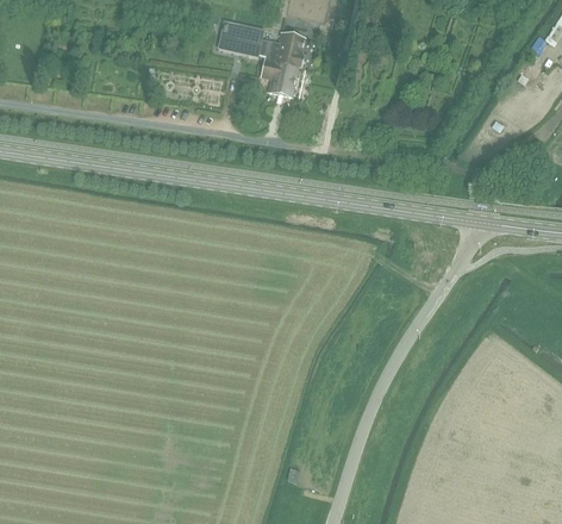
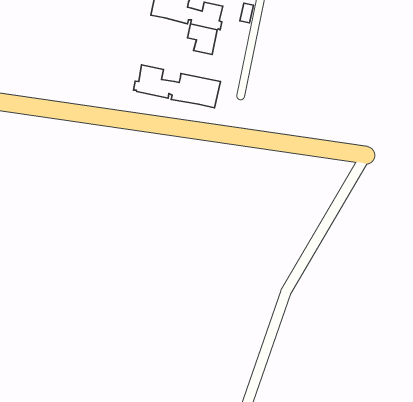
building: none -> [134,65,220,108]

